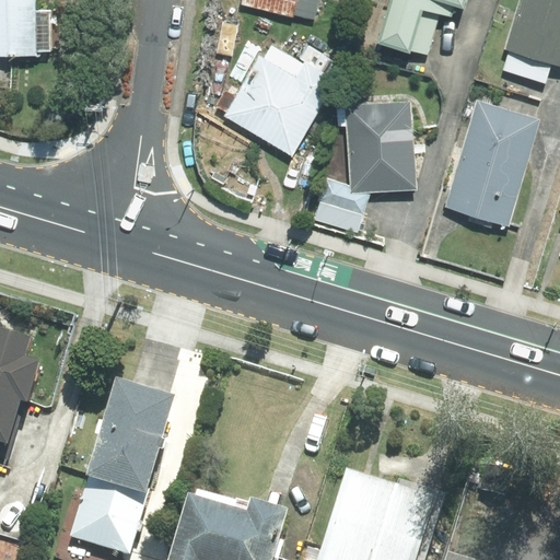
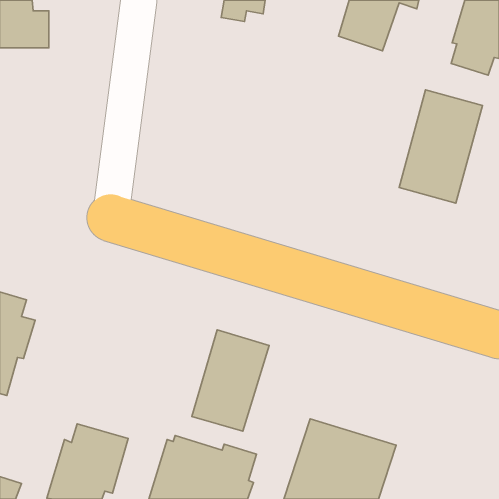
building: [224,43,345,158] -> none
building: [319,100,415,215] -> none
building: [86,377,173,491] -> [192,330,269,431]

